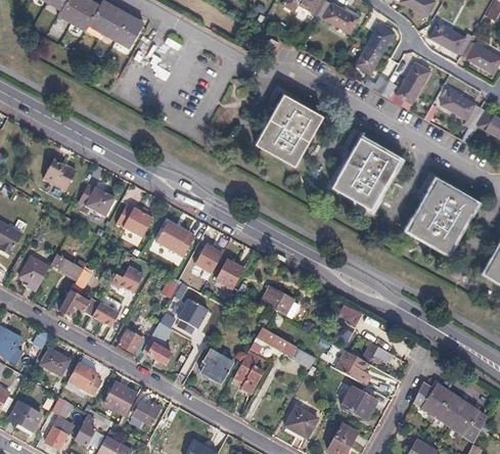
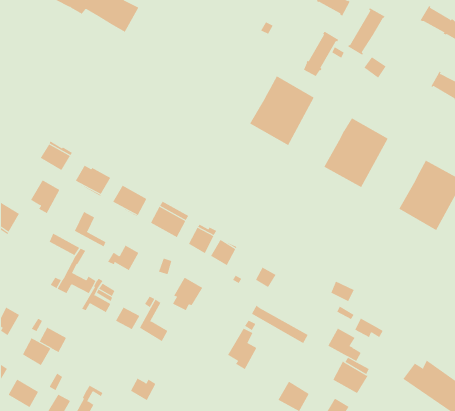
building: [395,61,431,108] -> [303,31,339,77]
building: none -> [74,211,106,247]
building: [17,257,48,291] -> [30,180,60,214]
building: [200,349,233,382] -> none
building: [69,363,98,392] -> [22,338,51,366]
building: [104,382,137,415] -> none

